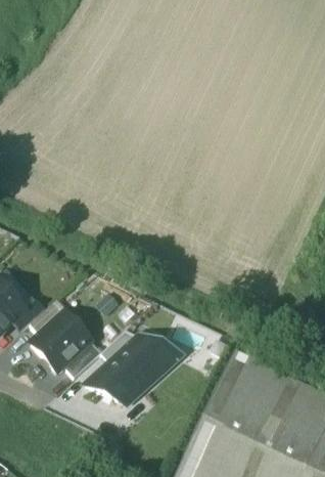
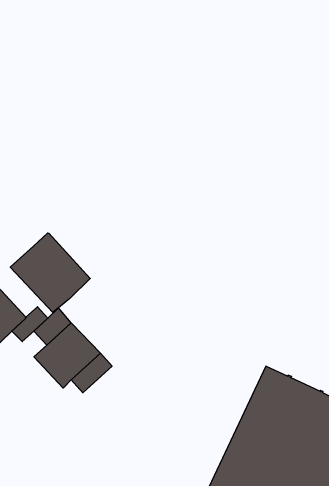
building: none -> [10,233,90,312]
building: [87,331,181,401] -> none

